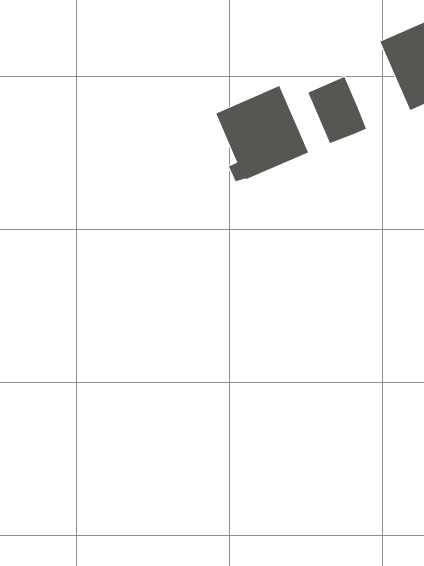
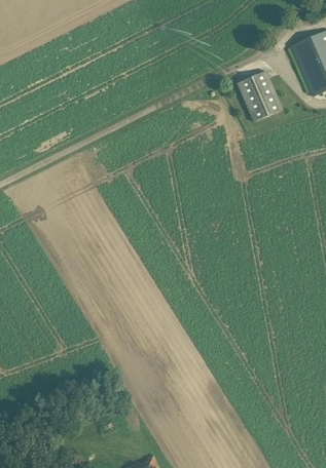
building: [216,85,309,182] -> none

